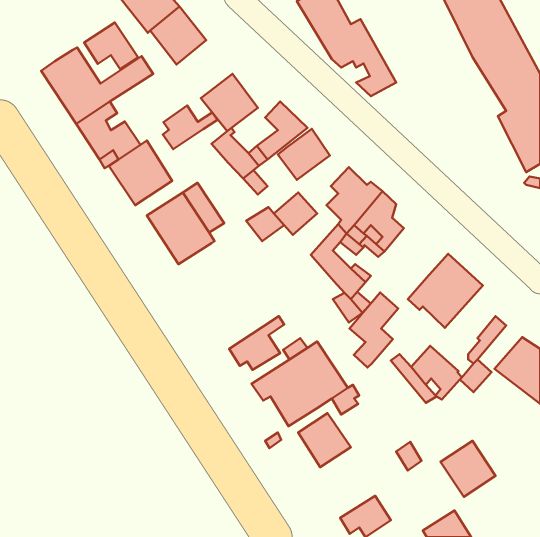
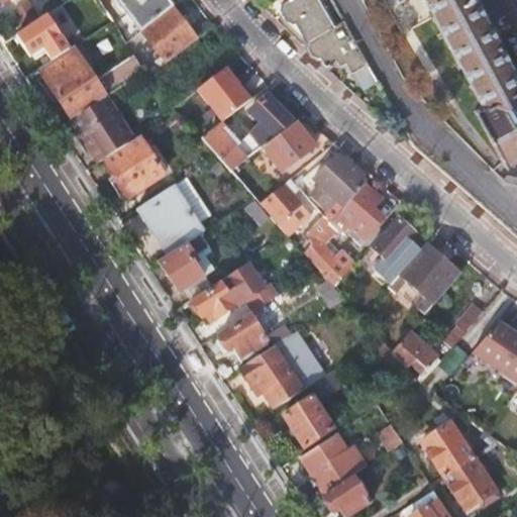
building: [84,23,138,69] -> [18,14,70,59]
building: [163,106,217,149] -> none
building: none -> [159,232,215,292]
building: none -> [191,265,275,319]
building: [350,293,398,368] -> [369,218,415,290]
building: none -> [302,430,369,491]
building: none -> [443,454,496,508]

